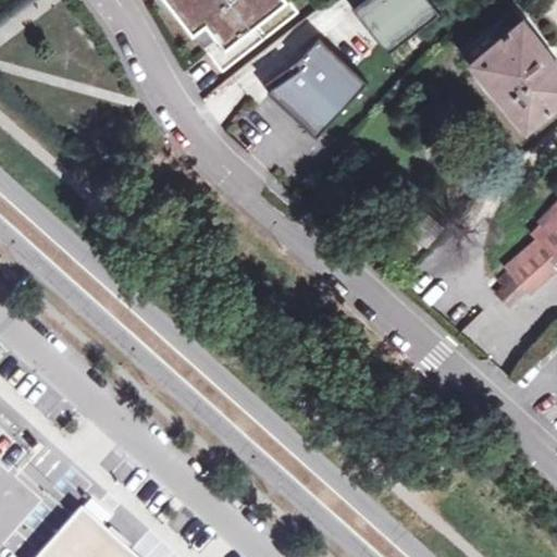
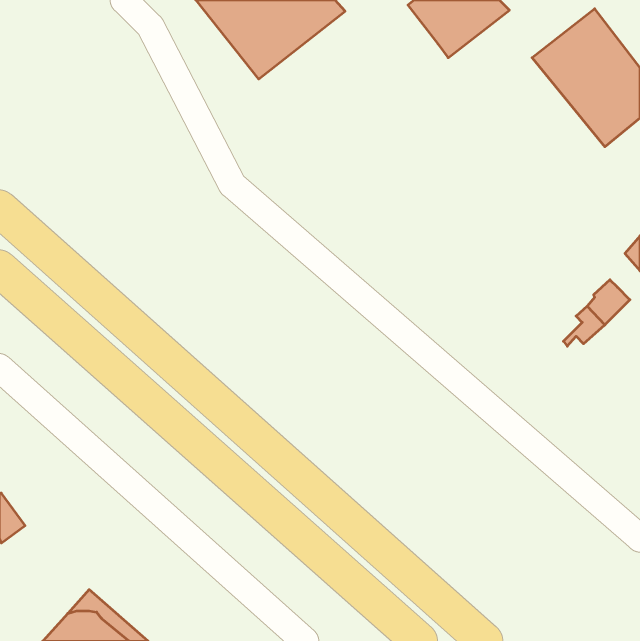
building: [268,33,368,134] -> none

